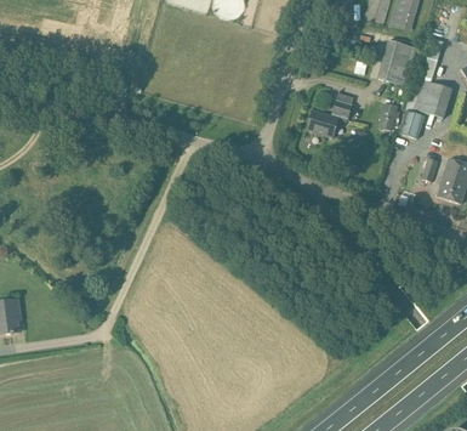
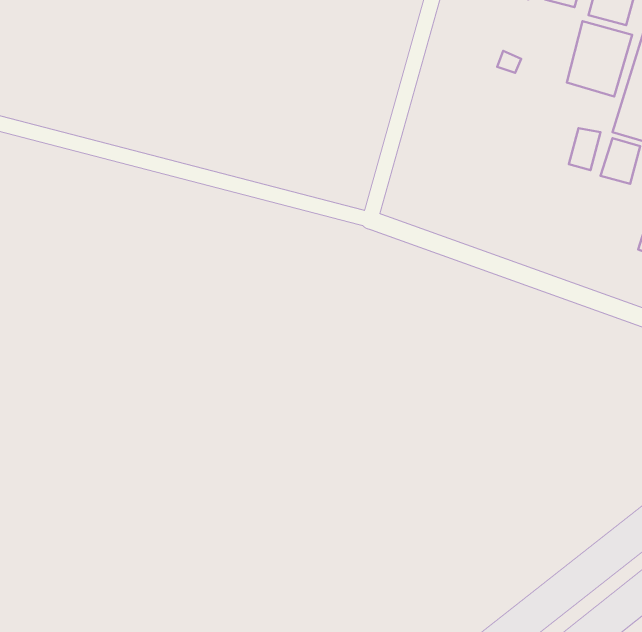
building: [307,92,352,136] -> none

